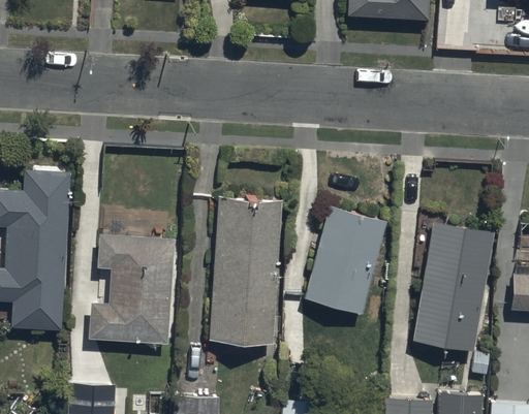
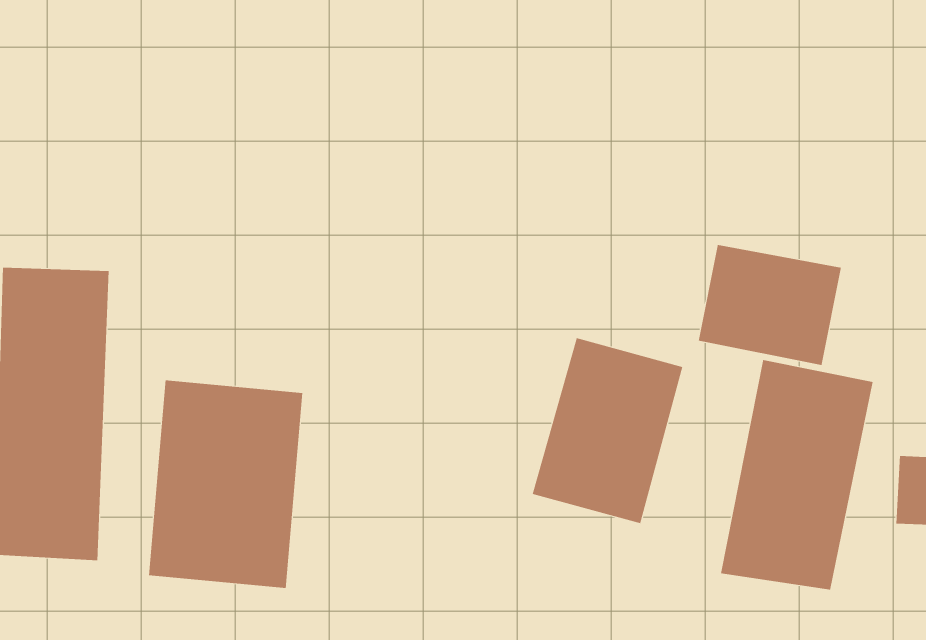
building: none -> [698,244,841,366]
building: [209,192,279,342] -> none

